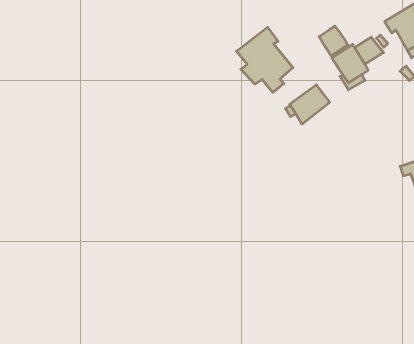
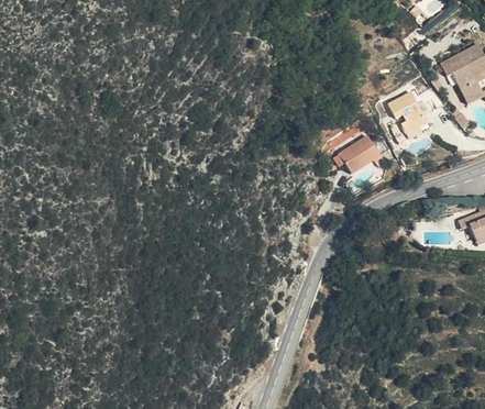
building: [319,26,348,56] -> none
building: [236,27,293,92] -> none

